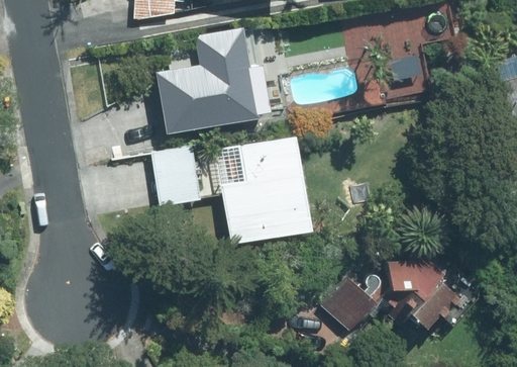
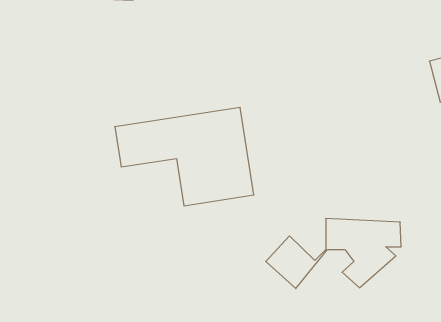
building: [153,18,256,126] -> none

